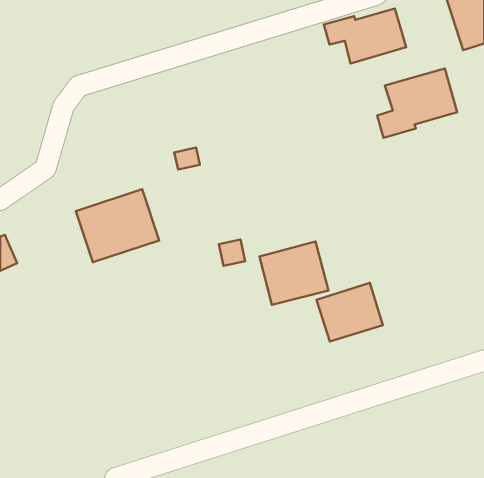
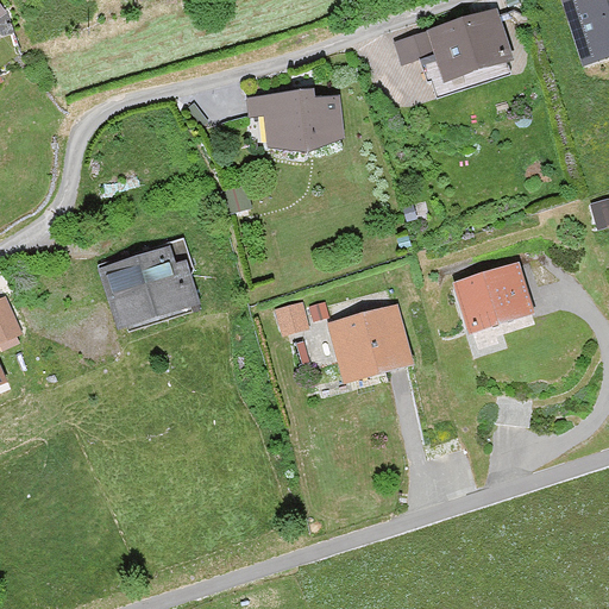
building: [377,69,457,138] -> none
building: none -> [247,90,339,155]
building: [317,283,383,341] -> [452,260,535,334]

